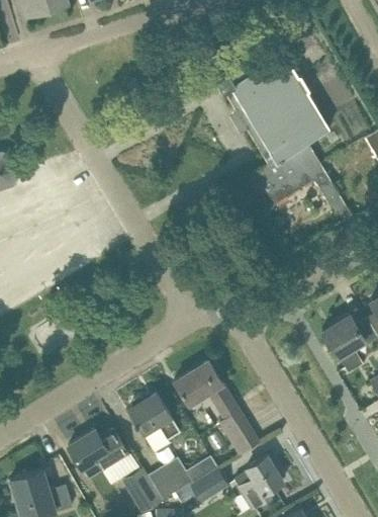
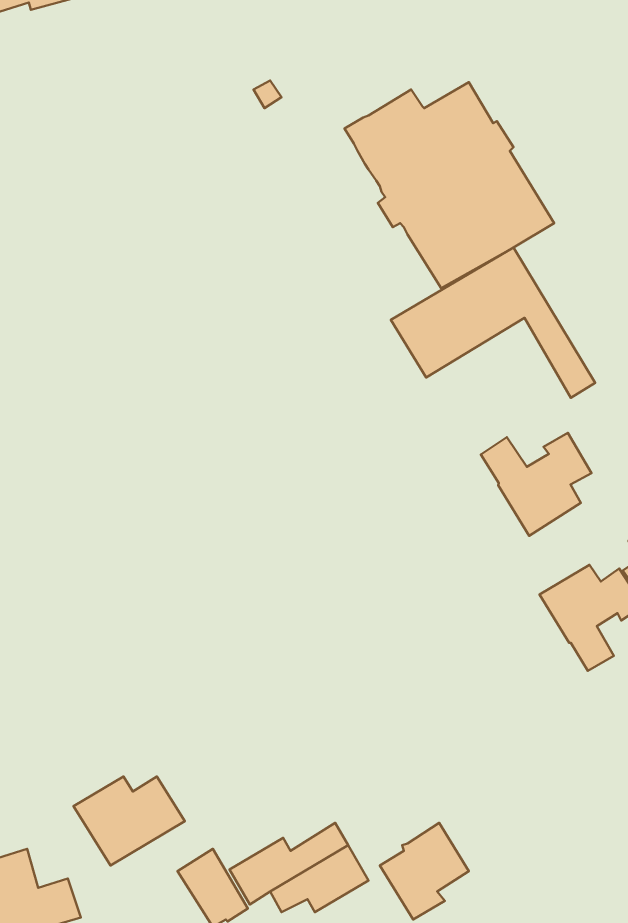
building: none -> [481,433,591,536]
building: [175,360,259,455] -> none
building: [128,393,180,439] -> none

